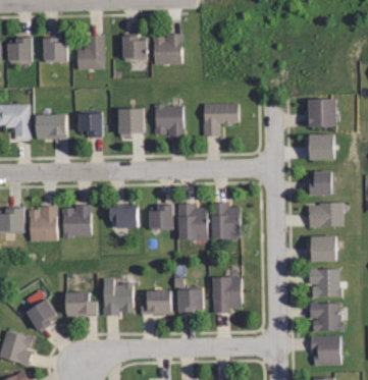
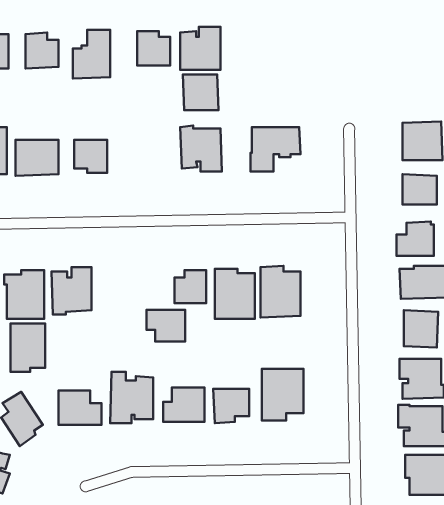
building: [119,109,145,134] -> [183,75,219,110]
building: [110,205,138,227] -> [146,310,185,341]
building: none -> [11,323,45,372]

